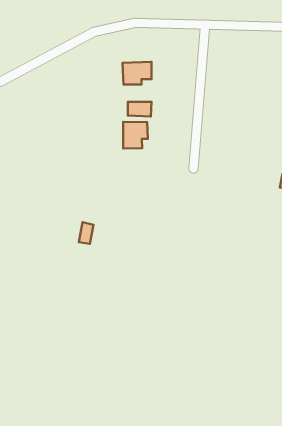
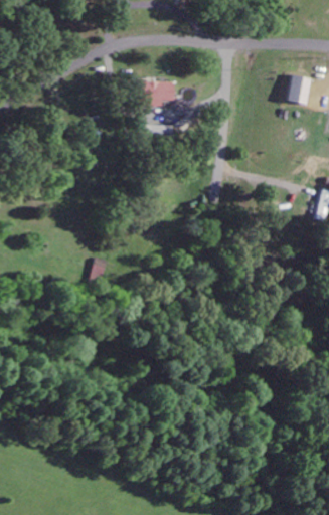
building: none -> [286,74,311,104]
building: [123,122,148,149] -> none

